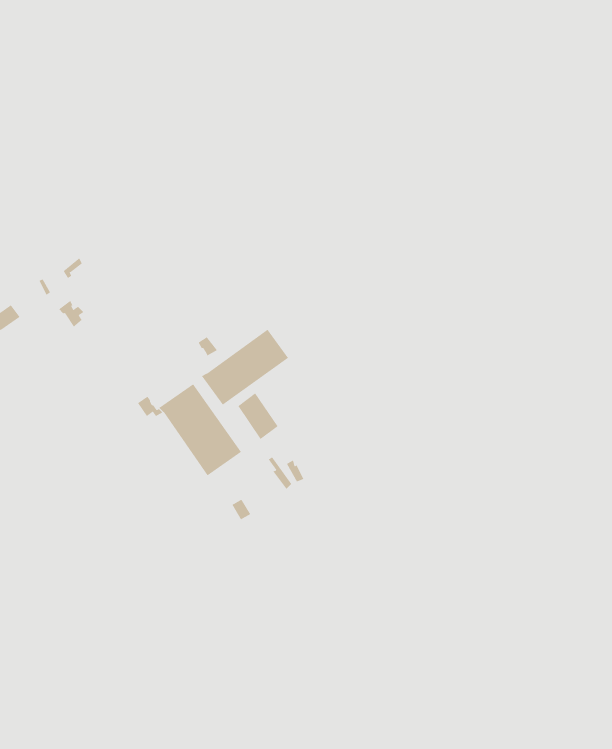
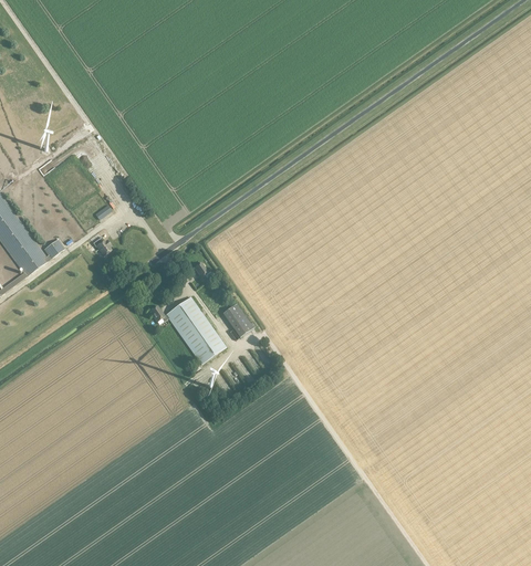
building: [201,329,289,405] -> none

